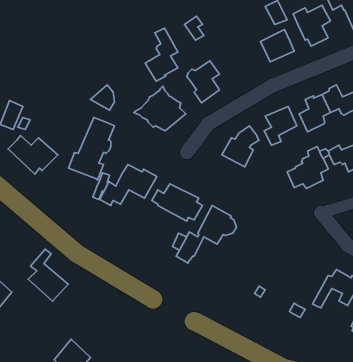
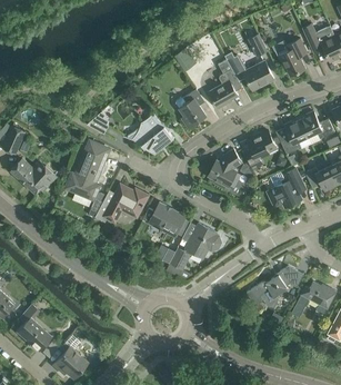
building: [145,28,178,81] -> [209,58,239,107]
building: [28,249,68,301] -> [16,303,52,351]
building: none -> [247,265,303,306]

